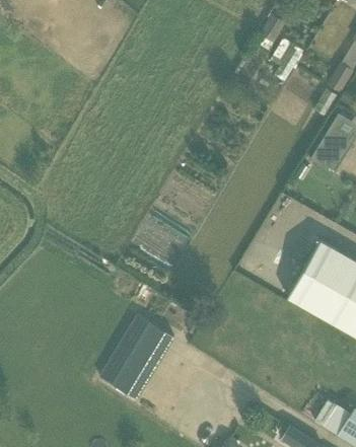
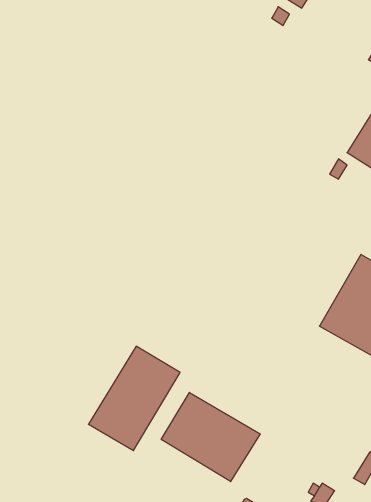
building: none -> [161,392,260,482]

